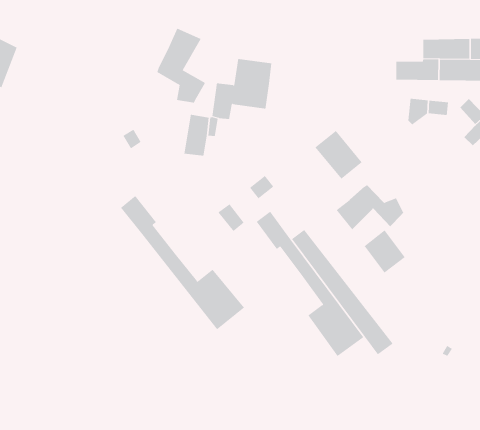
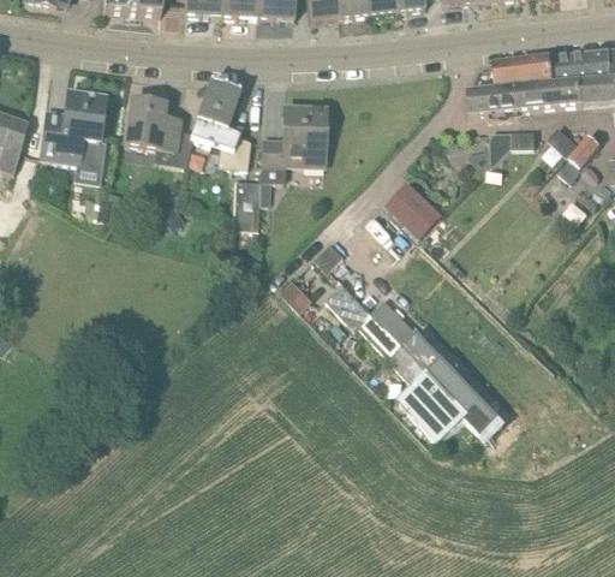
building: none -> [38,90,108,166]
building: none -> [125,99,193,166]
building: [336,184,404,230] -> none
building: [120,195,245,330] -> none
building: [364,230,405,274] -> none

